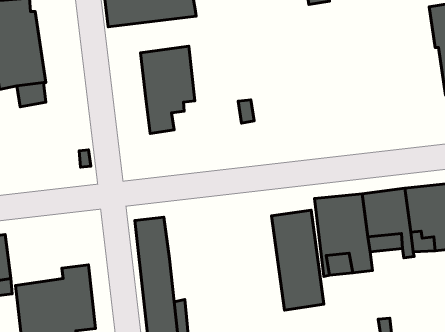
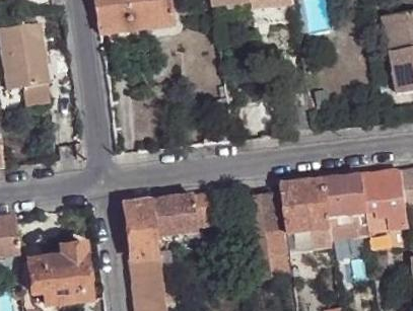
building: [141,46,195,133] -> none
building: none -> [149,192,215,236]

